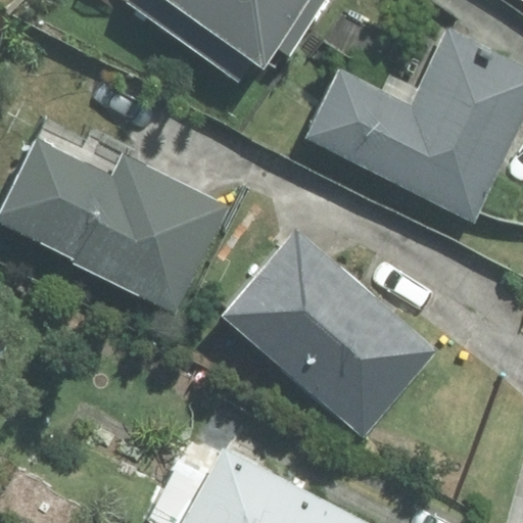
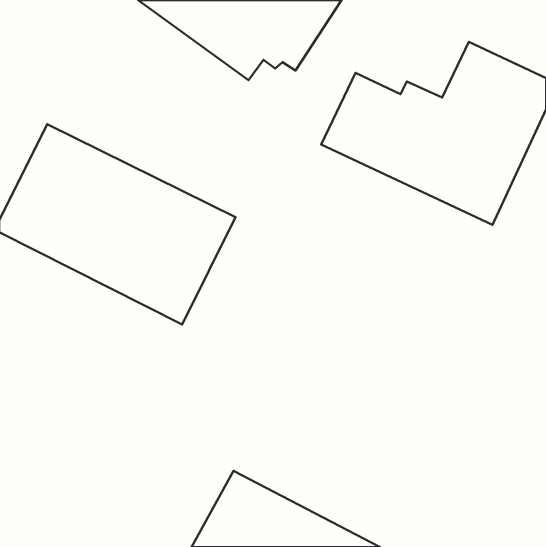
building: [225,233,434,433] -> none

